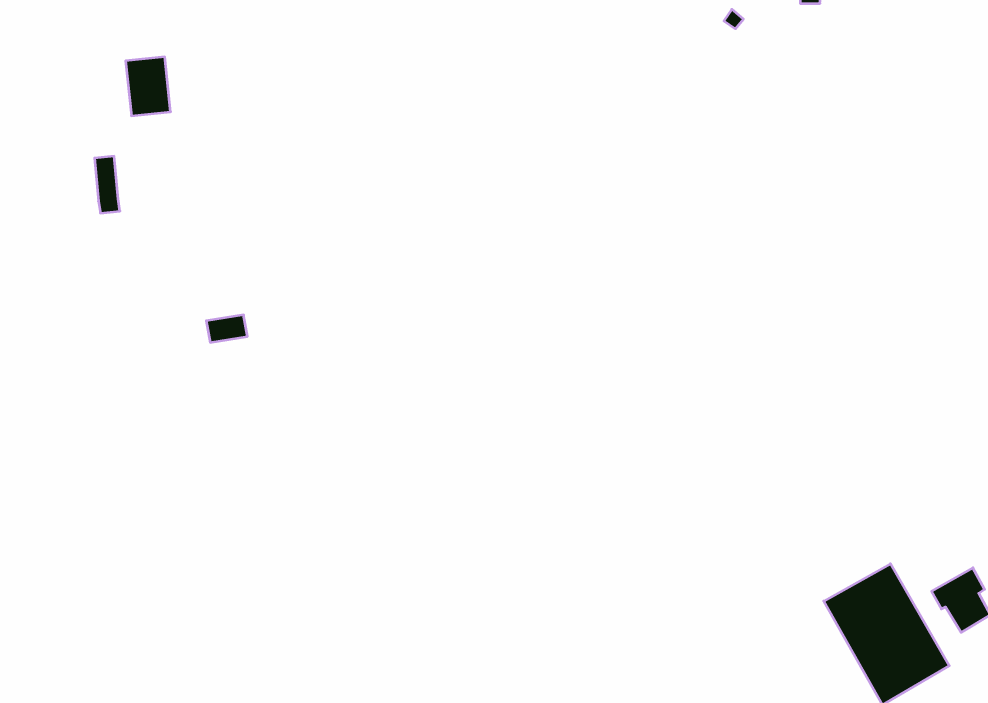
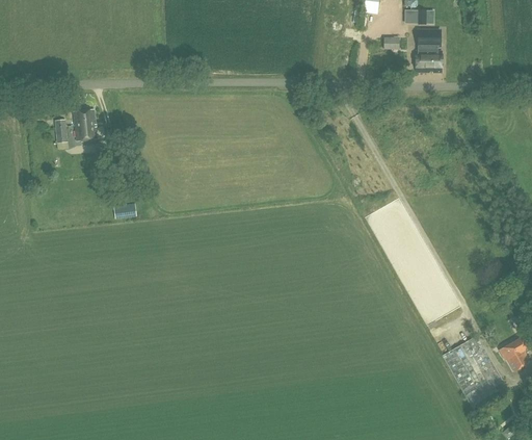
building: none -> [415,49,441,71]
building: [126,57,171,116] -> [72,108,96,139]

